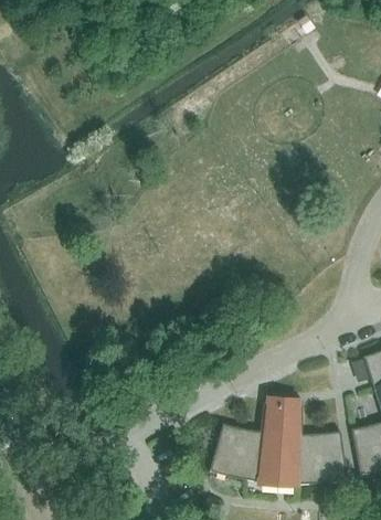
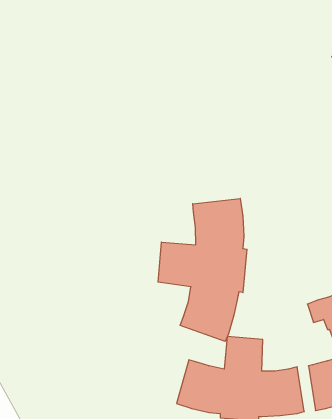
building: none -> [158,198,247,341]

